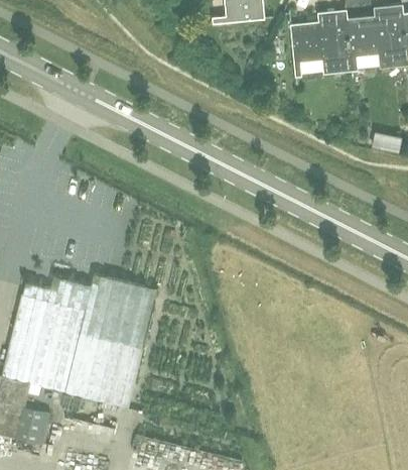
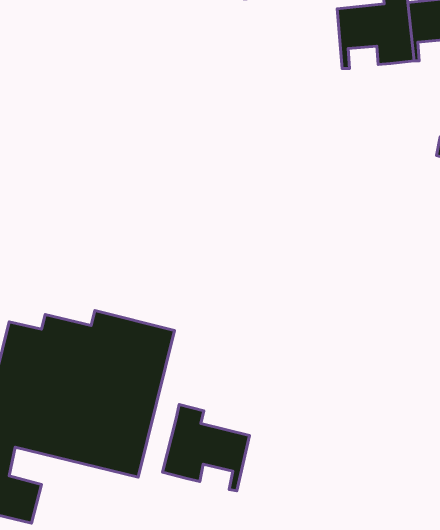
building: none -> [162,405,250,491]

